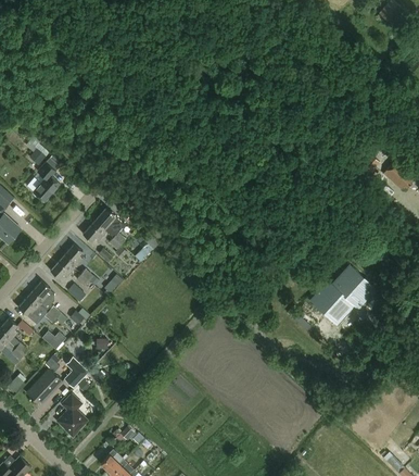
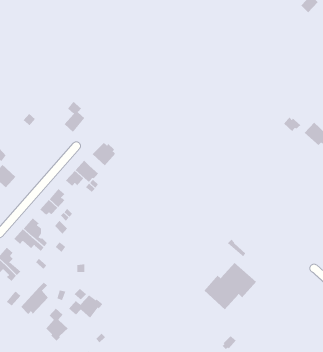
building: [33,162,60,202] -> [64,101,85,133]
building: none -> [92,142,116,166]
building: [309,264,377,325] -> [203,262,257,310]
building: none -> [68,294,103,319]

